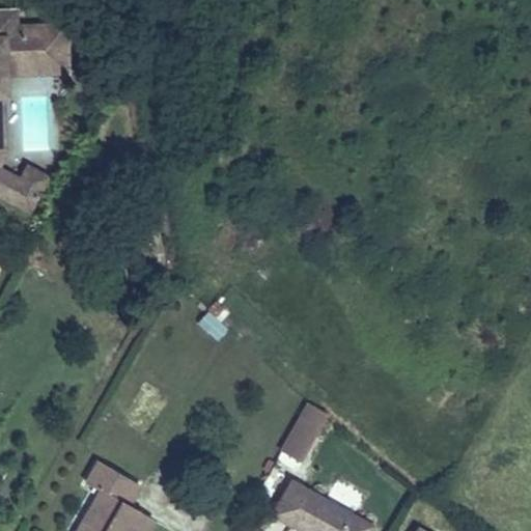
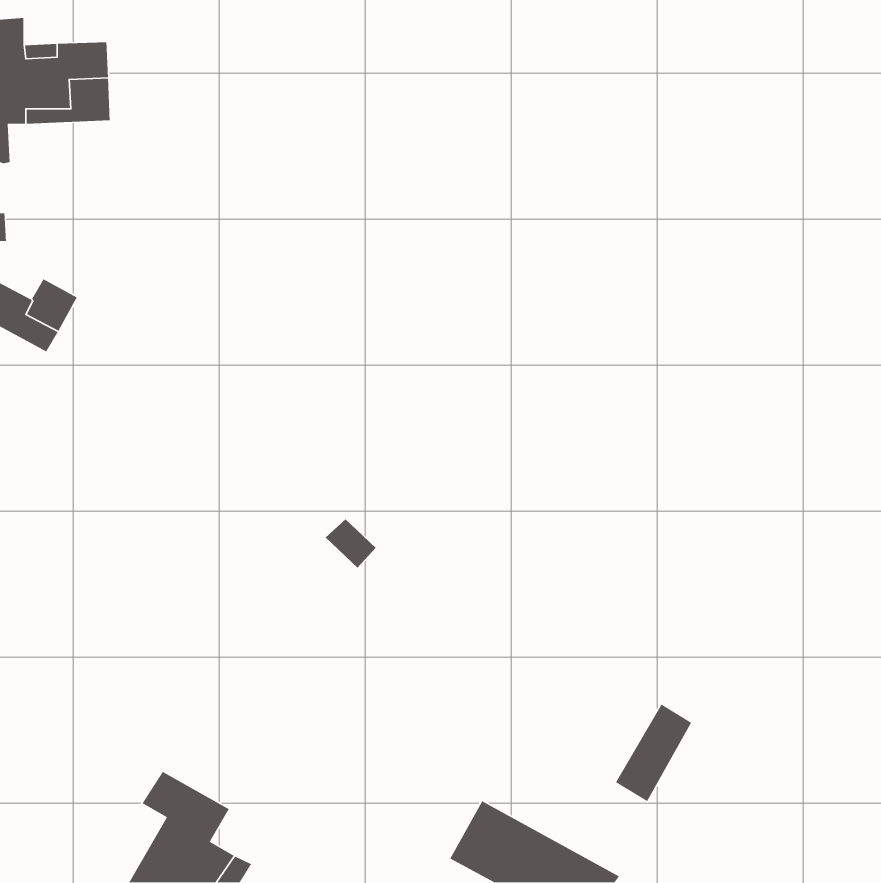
building: [280,403,327,463] -> [615,704,692,802]

